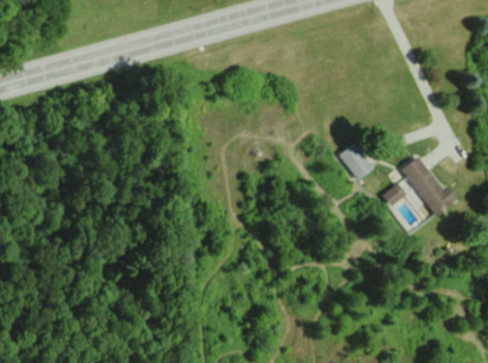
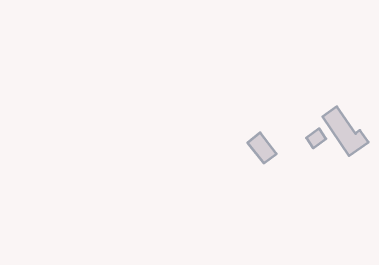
building: [338,142,373,179] -> [248,133,276,163]

